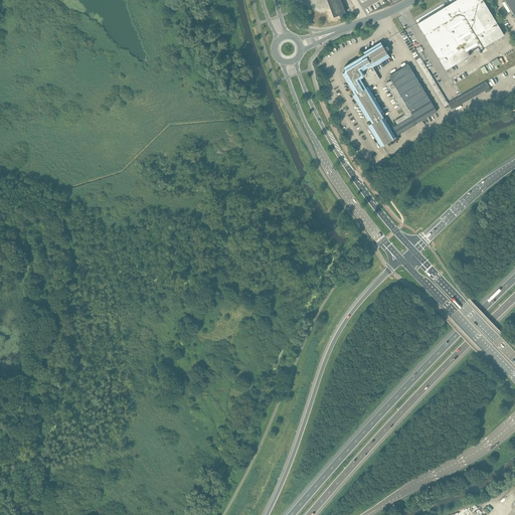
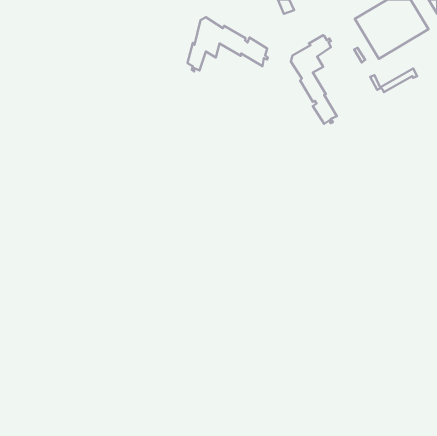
building: none -> [188,17,268,72]
building: [386,63,437,134] -> none

